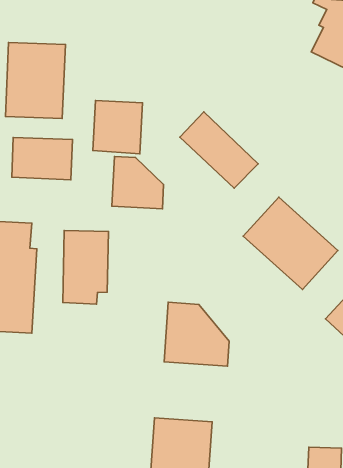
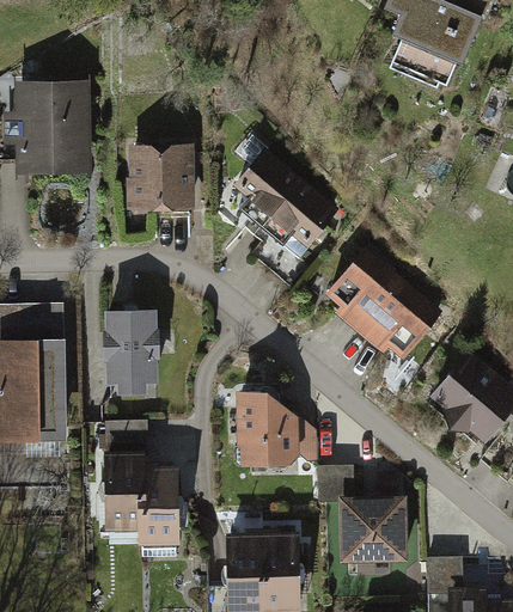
building: [12,137,73,180] -> none
building: [112,157,164,209] -> none
building: none -> [103,424,182,545]
building: none -> [318,466,403,562]

